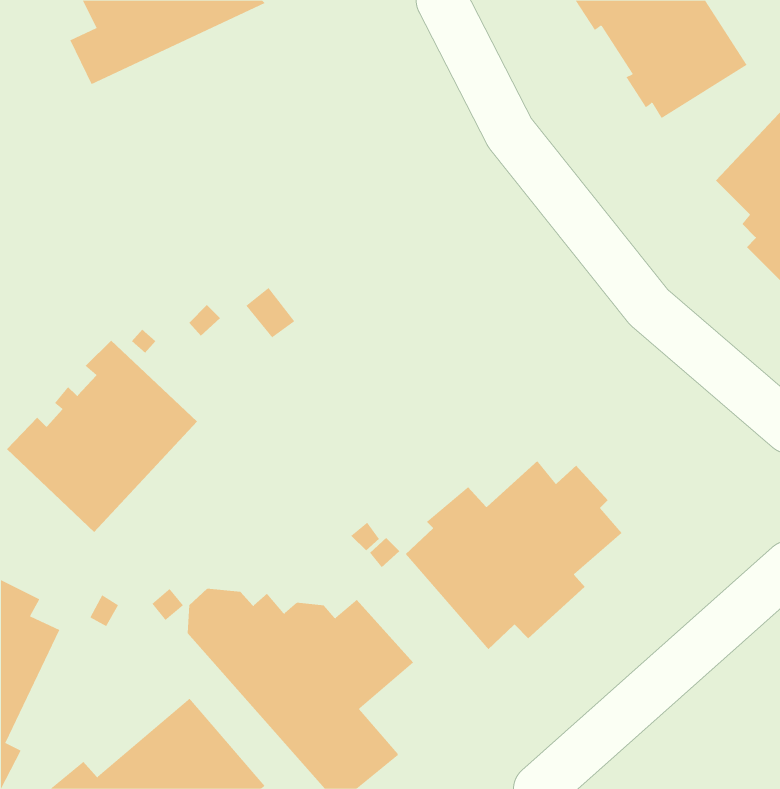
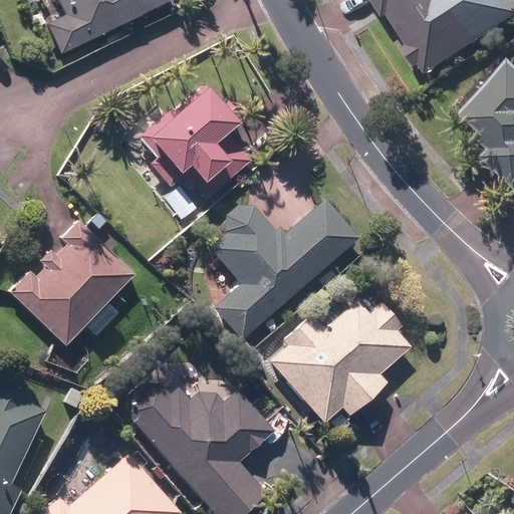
building: none -> [141,83,251,198]
building: none -> [211,198,358,338]

